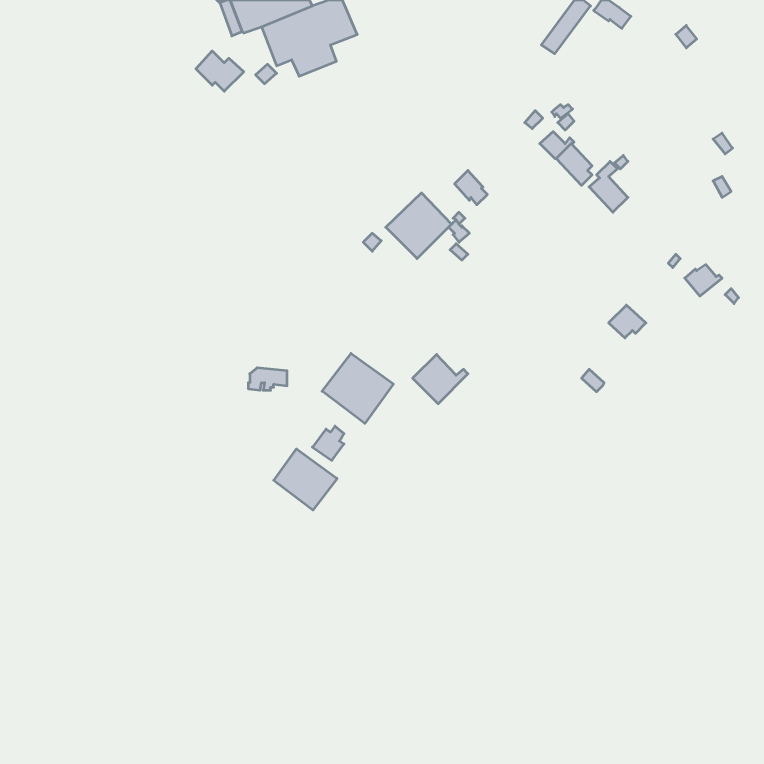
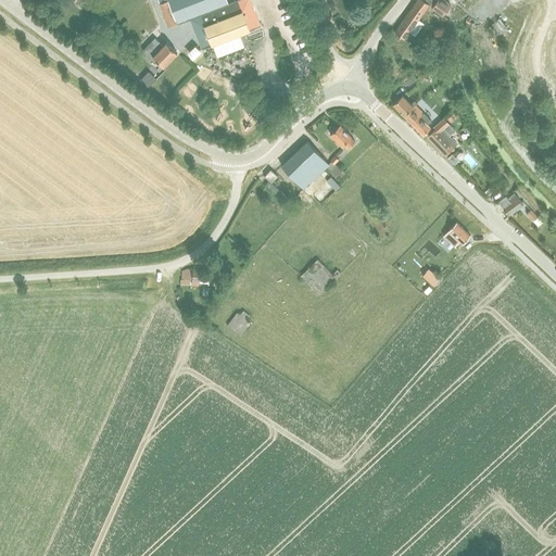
building: [322,353,393,423] -> none
building: [274,449,337,510] -> none

